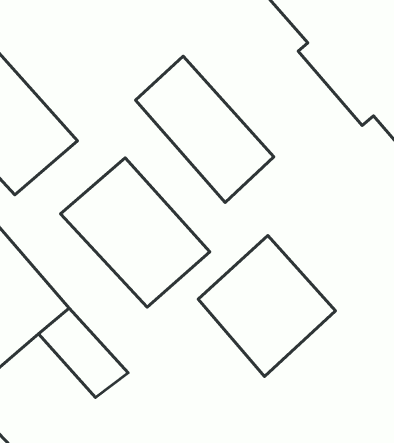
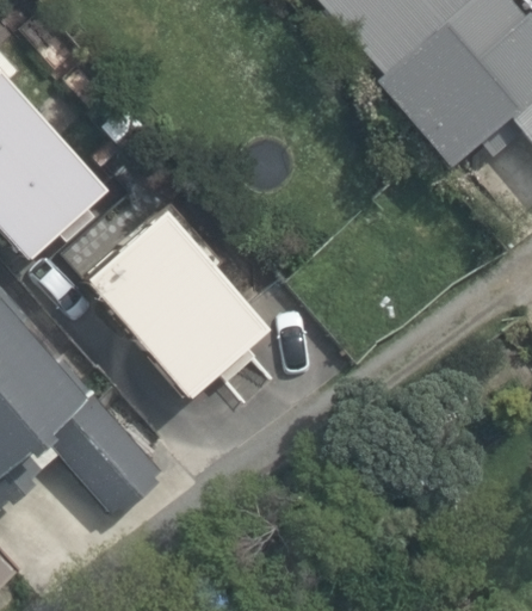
building: [135,56,274,203] -> none
building: [198,236,335,376] -> none

